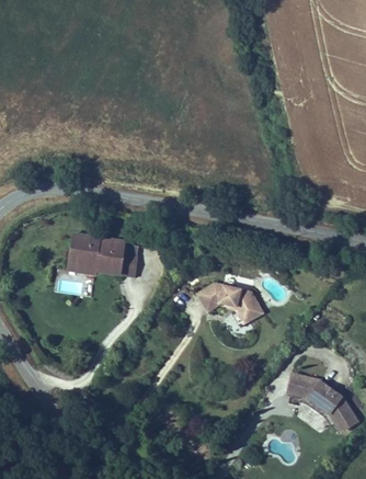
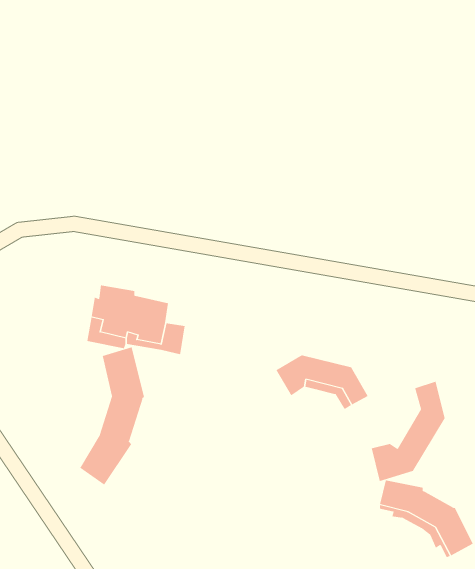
building: none -> [80,347,144,485]
building: none -> [371,381,445,482]

